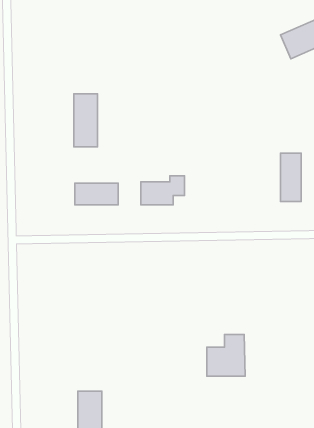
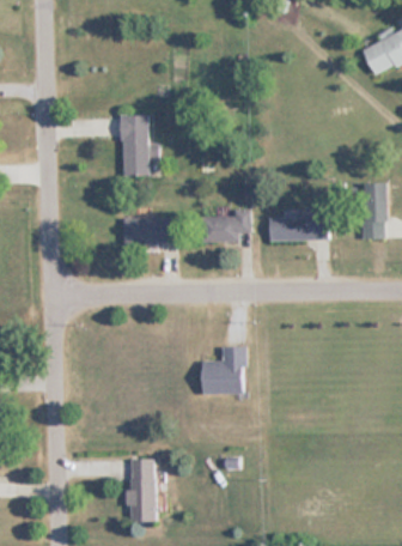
building: none -> [269,210,329,241]
building: [207,335,245,376] -> [202,346,246,394]

